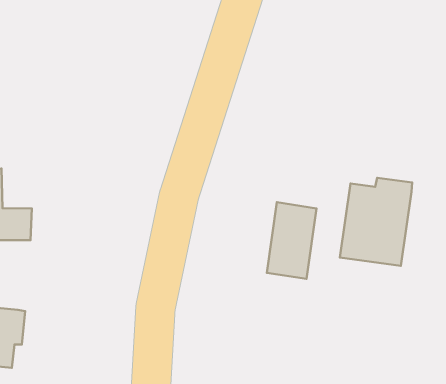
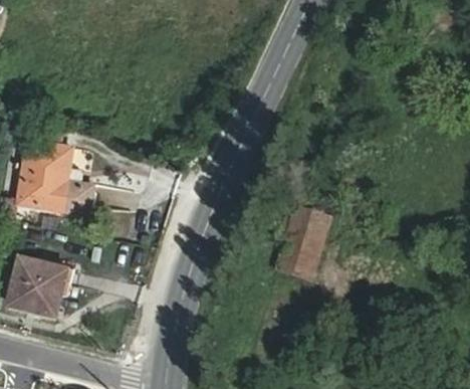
building: [340,178,412,266] -> none

